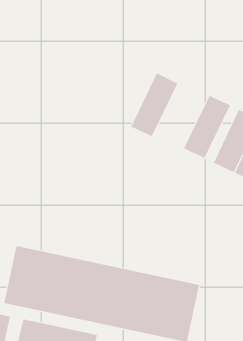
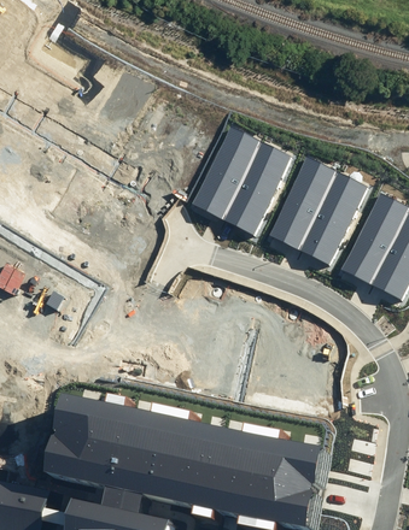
building: none -> [192,126,261,219]
building: none -> [268,158,337,251]

